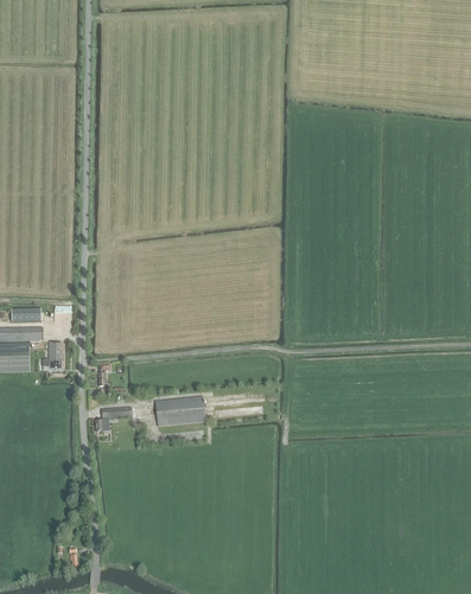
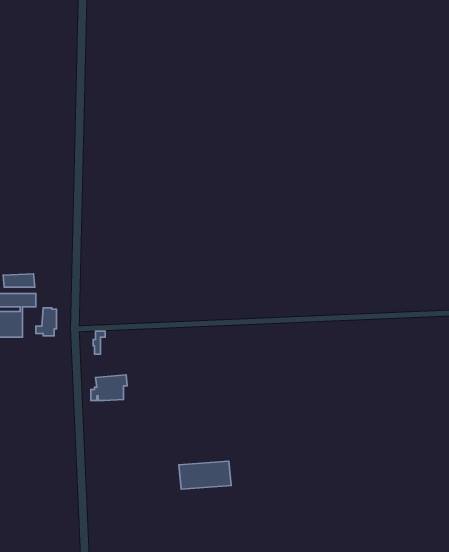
building: [152,397,203,424] -> [179,461,231,489]

